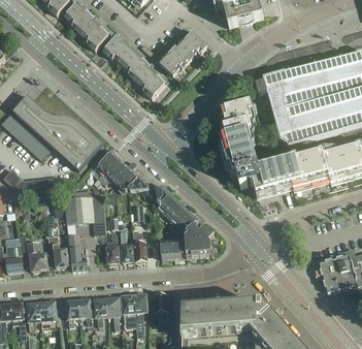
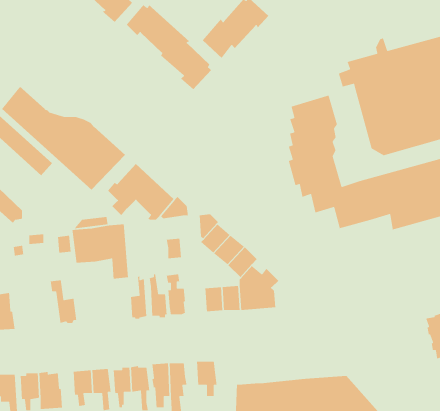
building: [69,233,88,267] -> none
building: [20,235,47,269] -> none

